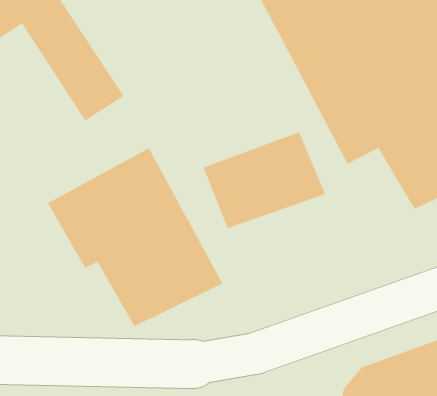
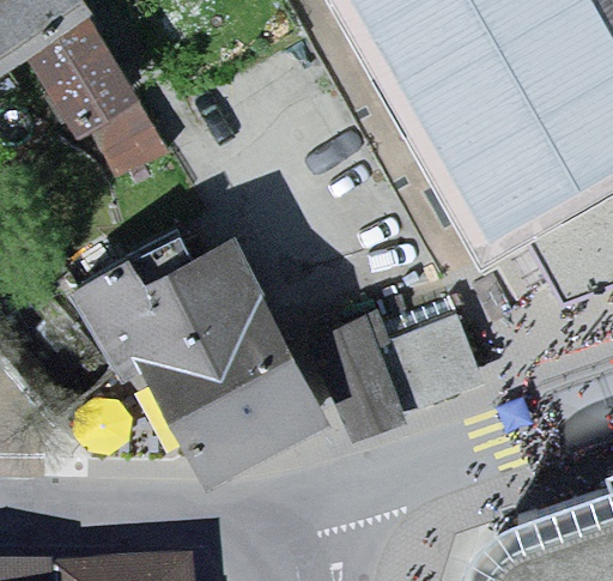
building: [202,131,326,229] -> [315,292,482,425]

